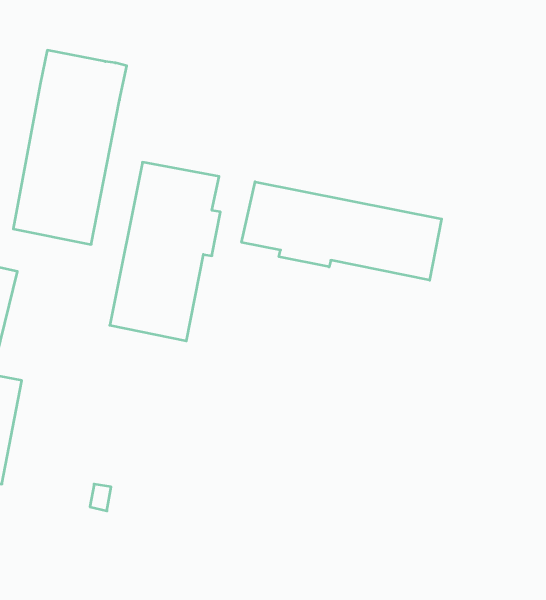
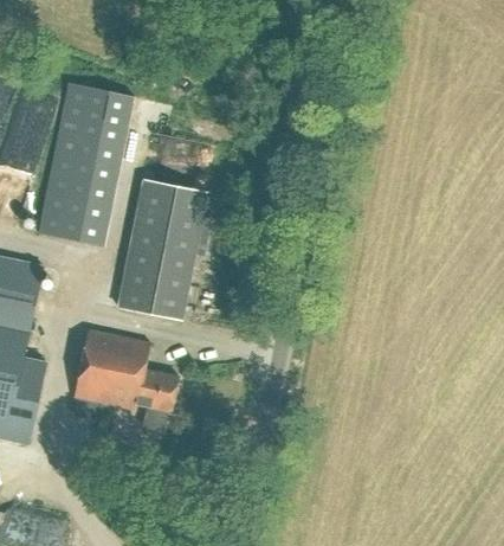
building: [242,182,442,280] -> none
building: none -> [71,328,179,409]

